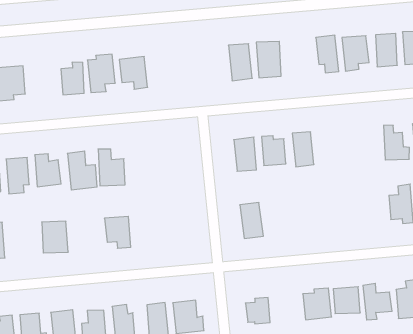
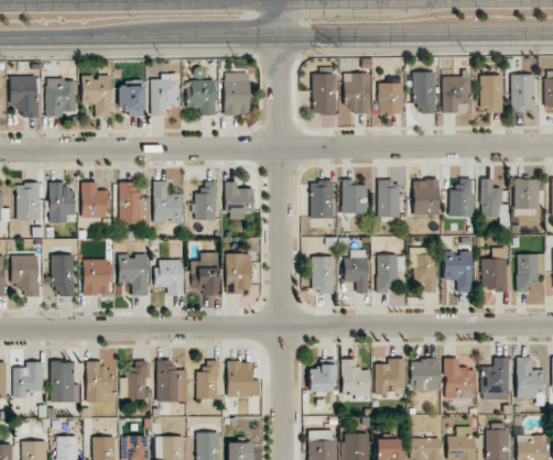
building: none -> [379,83,404,113]
building: none -> [224,73,251,116]
building: none -> [83,75,112,117]
building: none -> [451,178,474,217]
building: none -> [414,179,441,216]
building: none -> [227,182,254,219]
building: none -> [195,182,218,220]
building: none -> [411,247,436,292]
building: none -> [444,251,475,292]
building: none -> [346,250,369,293]
building: none -> [377,255,406,293]
building: none -> [227,253,252,293]
building: none -> [193,252,220,295]
building: none -> [119,253,149,296]
building: none -> [52,254,76,296]
building: none -> [343,359,371,394]

